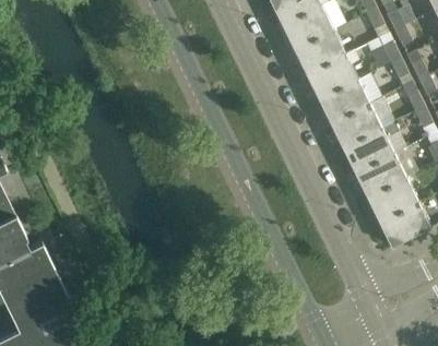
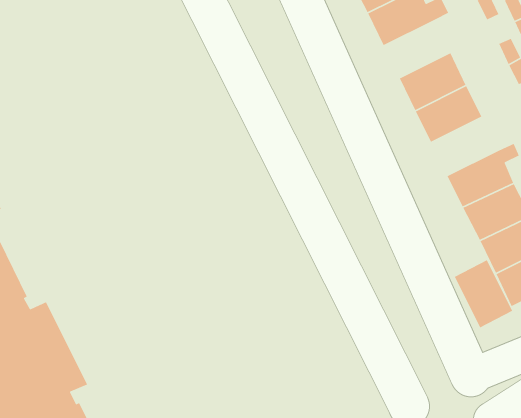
building: [294,28,345,72] -> none
building: [330,102,381,146] -> none
building: none -> [454,259,513,329]

